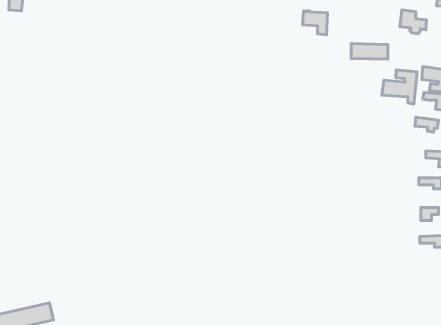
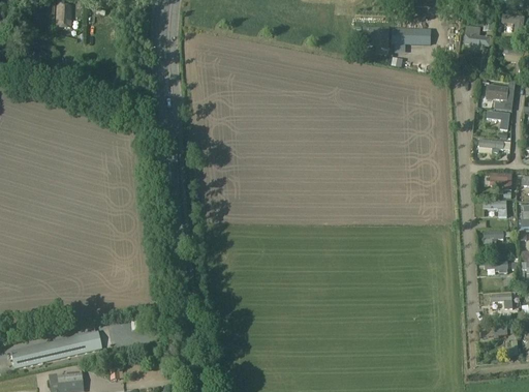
building: [351,43,388,59] -> [393,26,431,42]
building: [382,70,417,104] -> none

